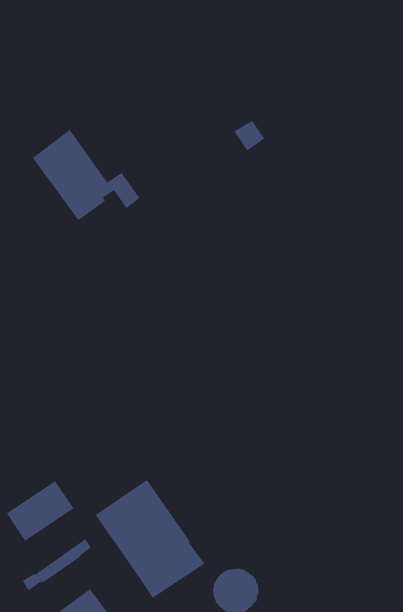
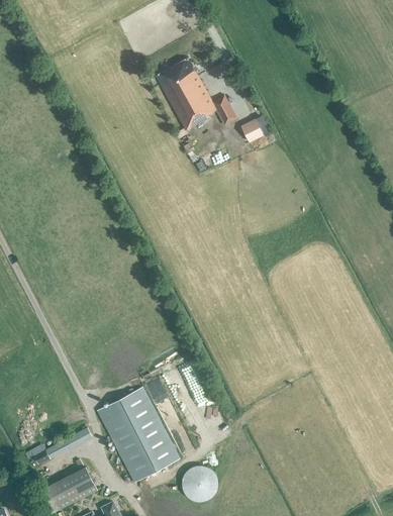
building: [32,129,141,221] -> [156,57,236,129]
building: [6,480,75,542] -> none

